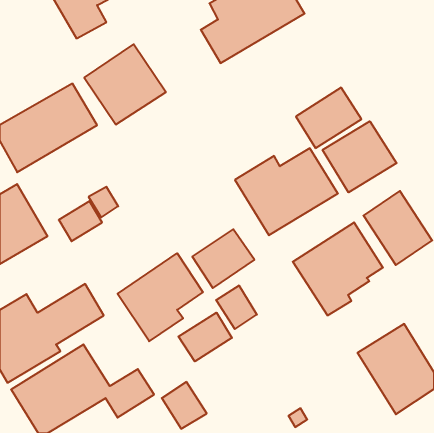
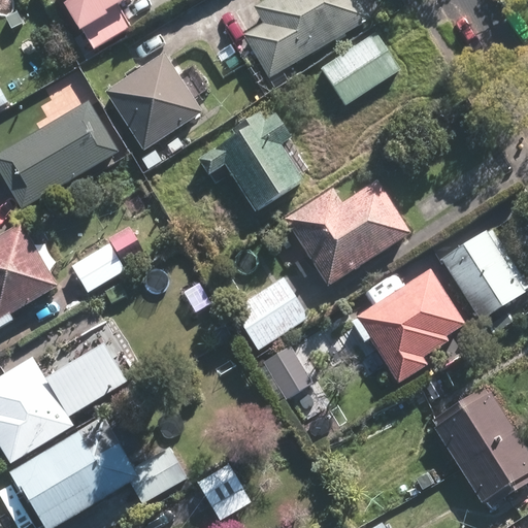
building: [296,88,361,148] -> [321,31,400,104]
building: none -> [197,112,303,211]
building: [323,121,397,192] -> none
building: [118,253,203,341] -> none
building: [178,313,232,361] -> none

